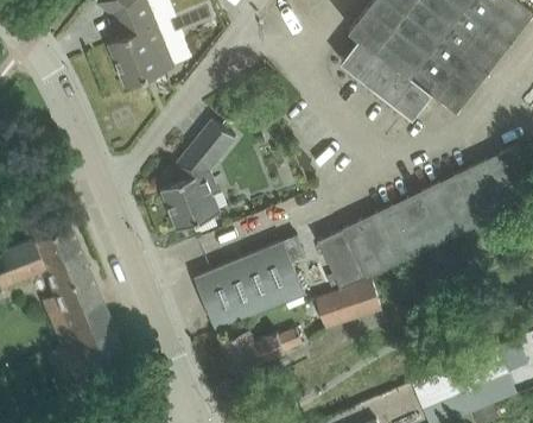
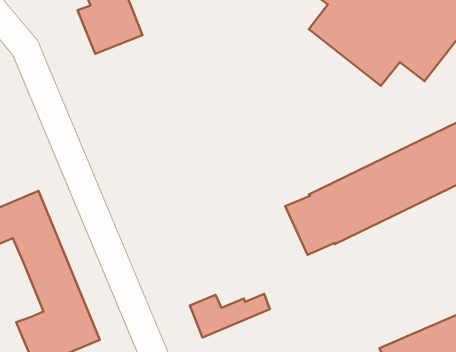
building: [160,119,234,229] -> none
building: [195,235,304,330] -> none
building: [316,279,381,328] -> none

